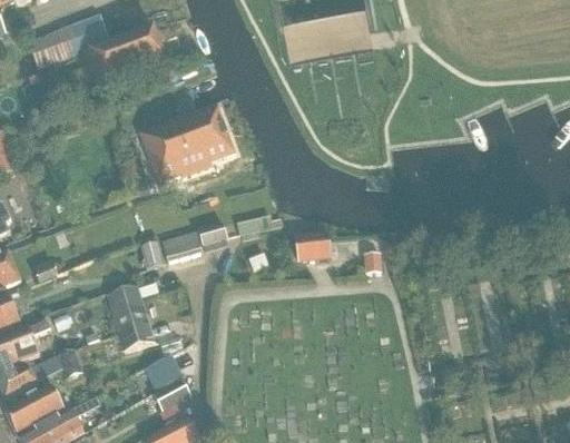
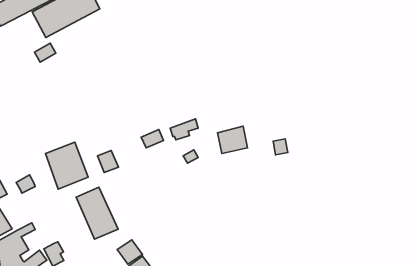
building: [140,106,236,186] -> none
building: none -> [46,142,88,189]
building: [161,232,200,258] -> none

